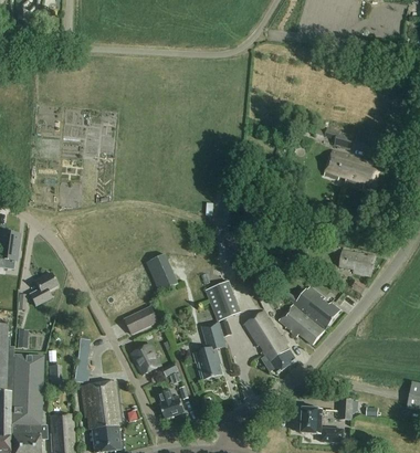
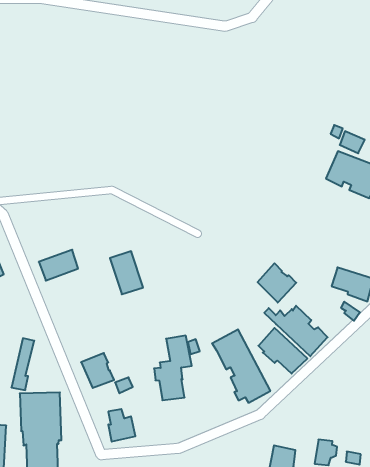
building: none -> [258,263,296,303]
building: [206,280,241,320] -> none
building: [125,305,159,334] -> [39,250,78,281]

